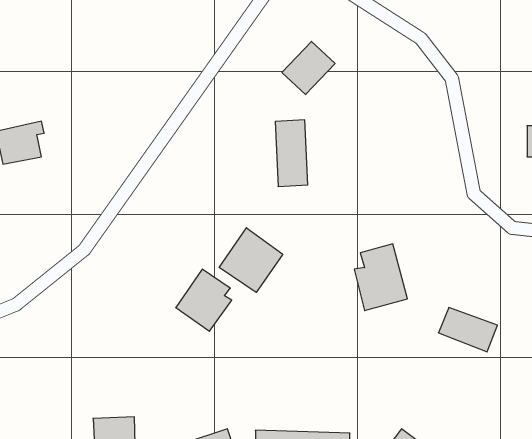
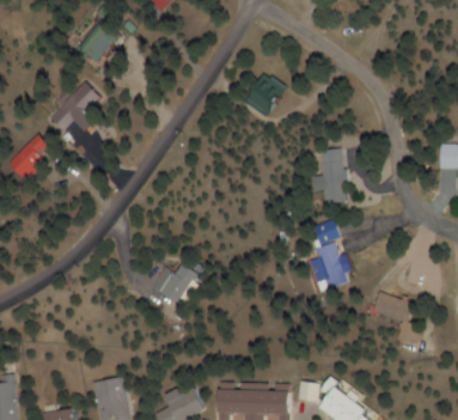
building: none -> [50,80,103,134]
building: [275,120,308,186] -> [317,150,343,203]
building: [219,228,283,292] -> none

